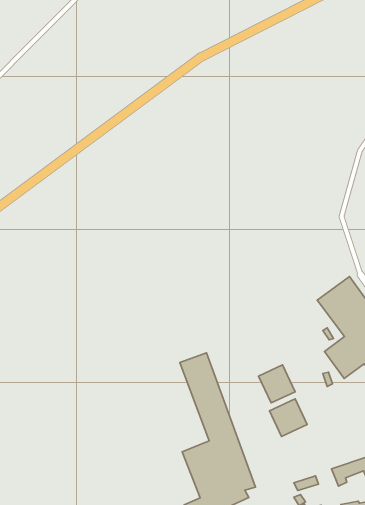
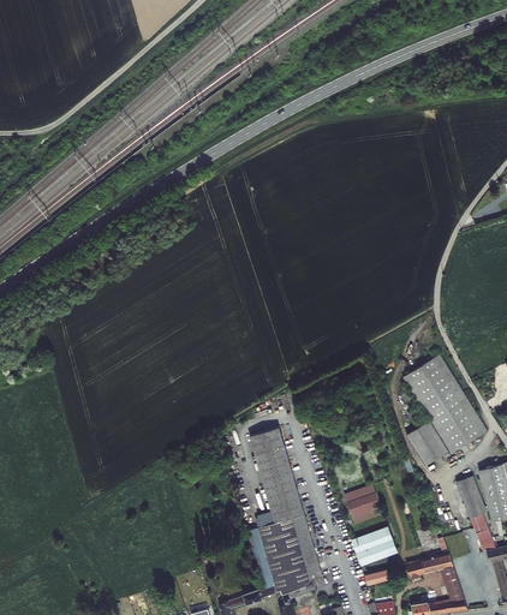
building: [259,365,295,403] -> none
building: none -> [350,526,396,567]

